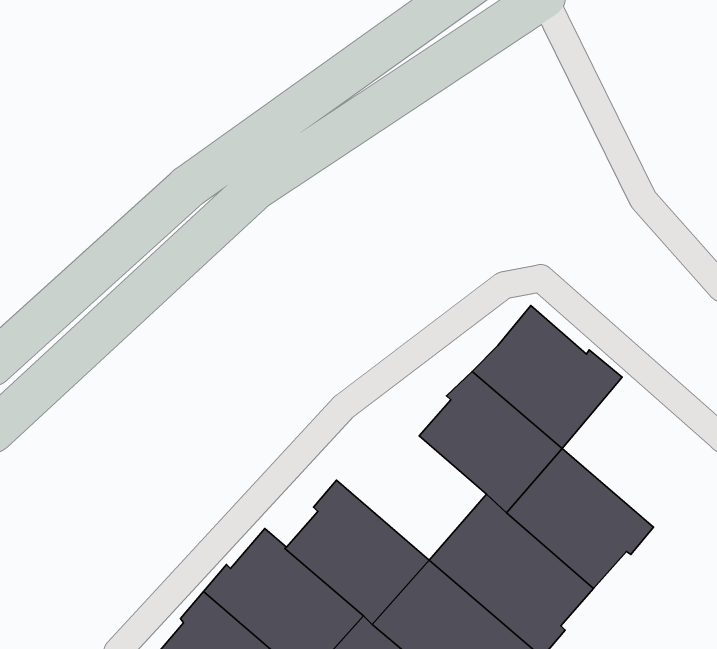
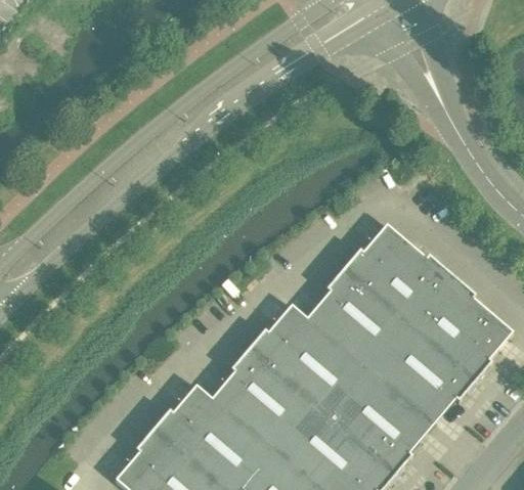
building: none -> [408,277,512,385]
building: none -> [247,306,354,408]

